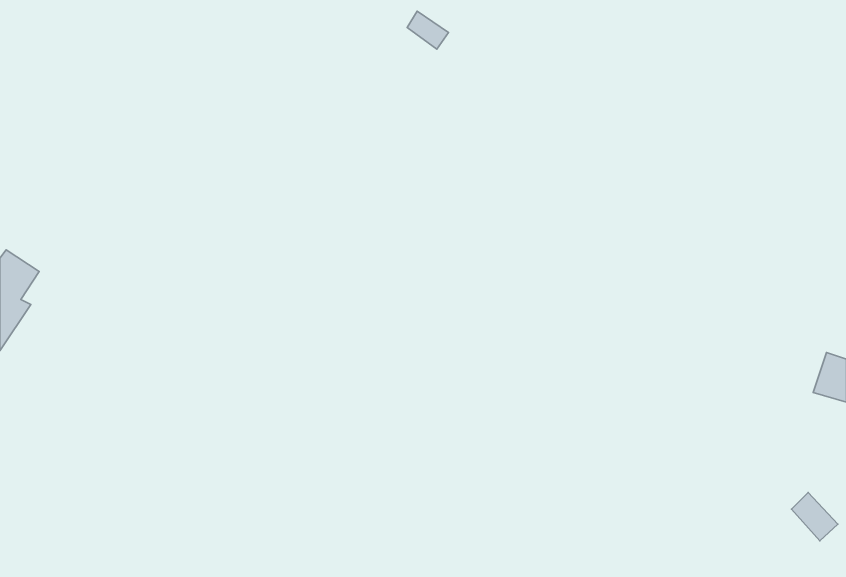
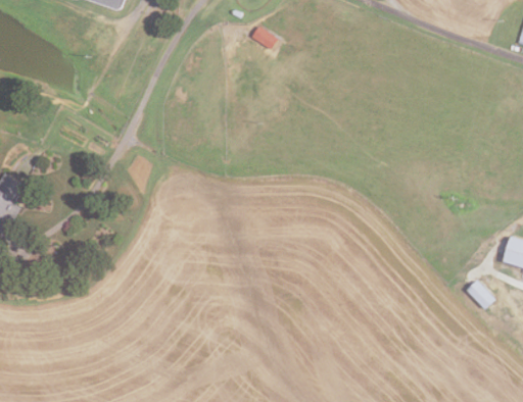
building: [792,493,838,541] -> [466,280,494,309]

